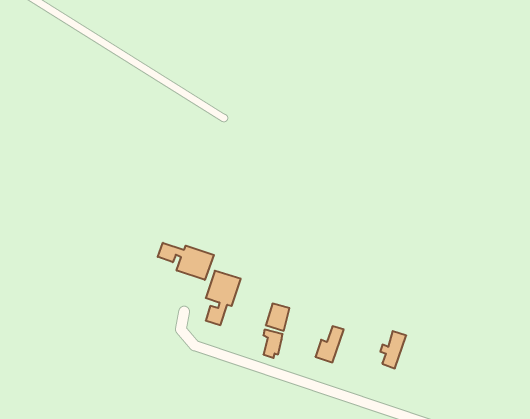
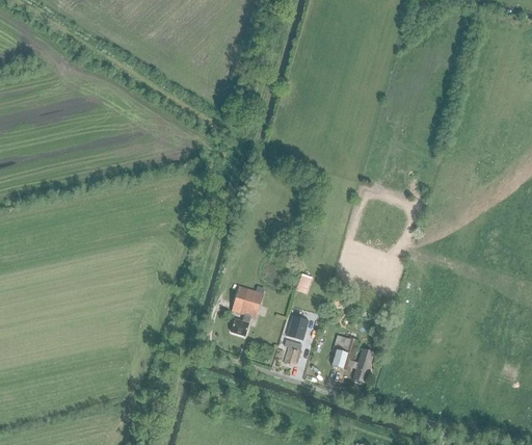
building: [158,243,214,280] -> none
building: [380,331,406,368] -> [350,347,374,382]

